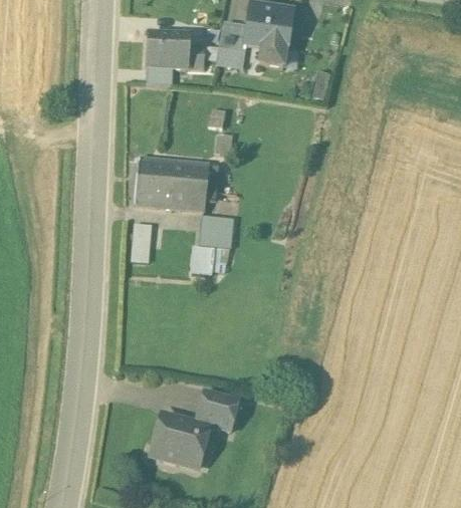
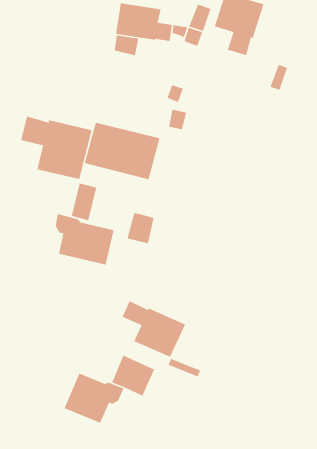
building: none -> [20,115,92,180]
building: [200,216,233,248] -> none
building: none -> [55,213,114,265]
building: none -> [122,300,186,358]

